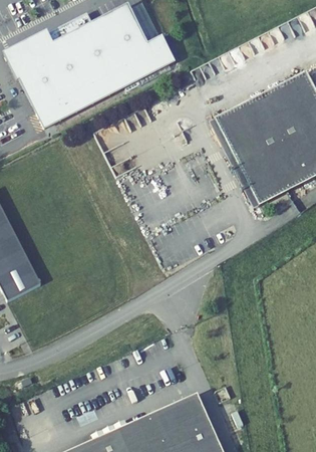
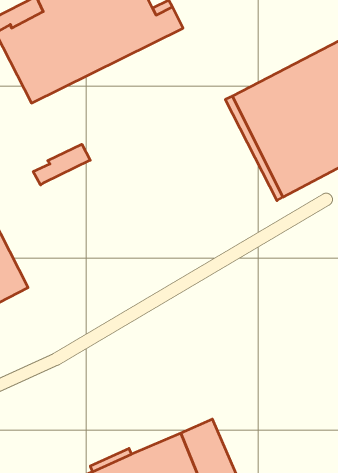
building: none -> [33,144,90,185]

